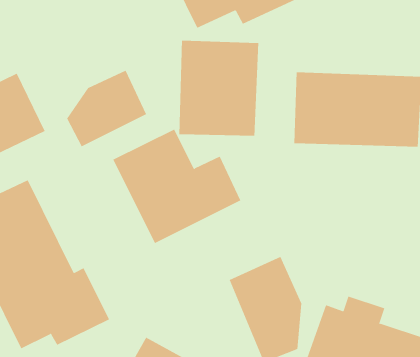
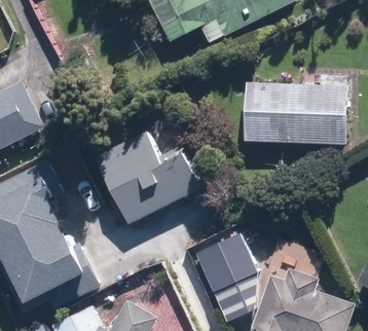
building: [179,40,259,137] -> none
building: [66,70,147,147] -> none

